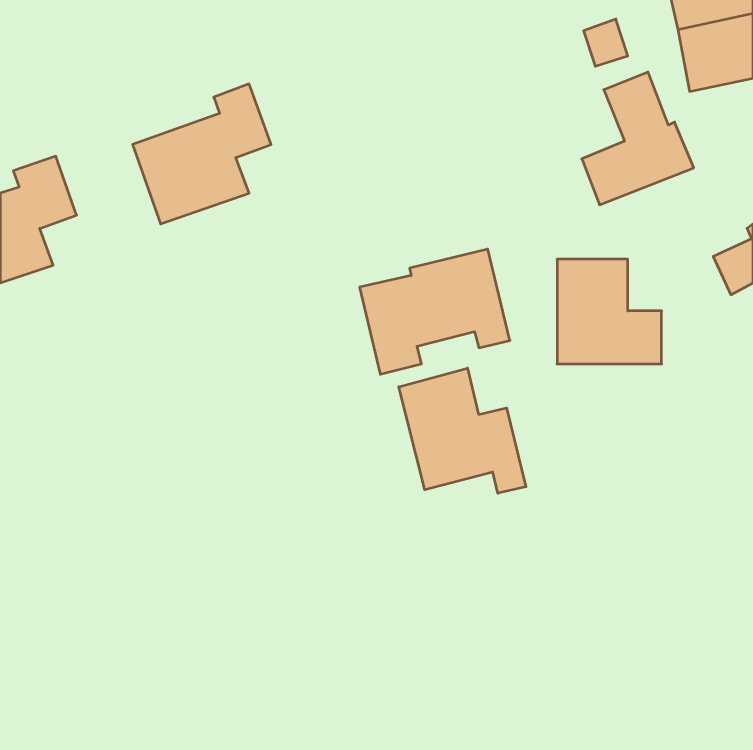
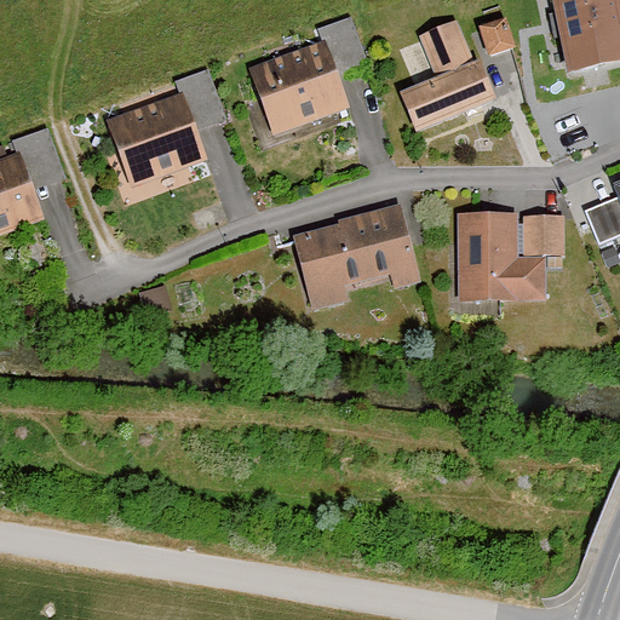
building: none -> [247,17,367,134]
building: [582,72,694,205] -> [402,21,494,130]
building: none -> [523,214,564,254]
building: [399,368,526,493] -> none

